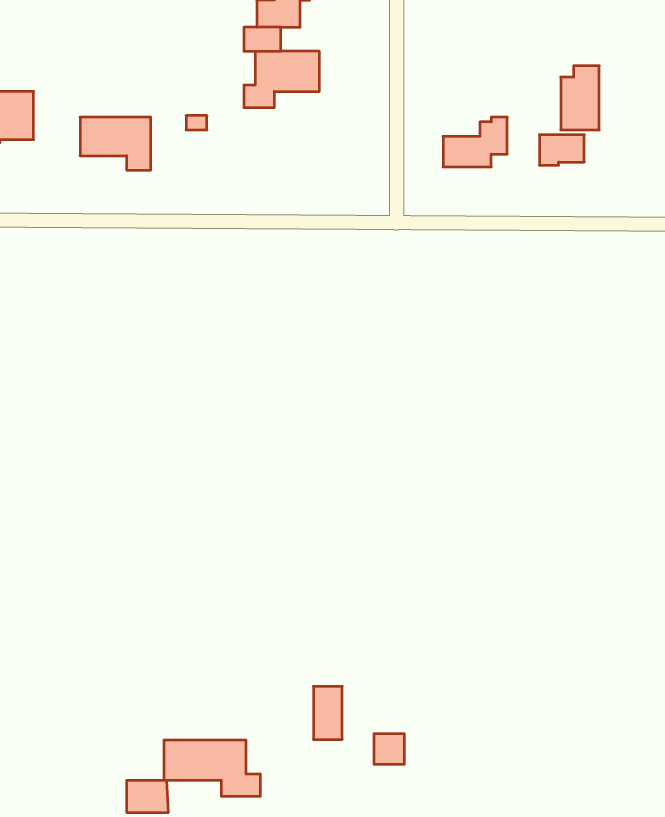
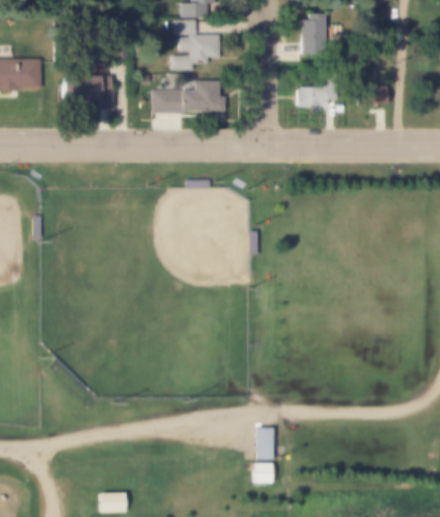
building: [561,66,599,130] -> [301,12,325,53]
building: none -> [152,79,223,113]
building: [313,686,342,739] -> [255,427,273,460]
building: [164,740,260,796] -> none

